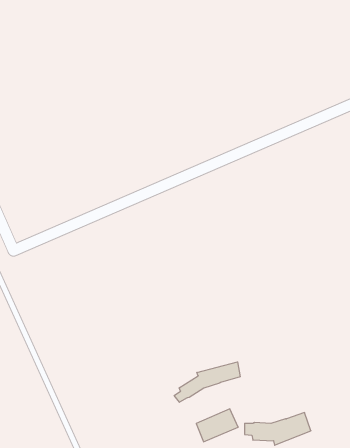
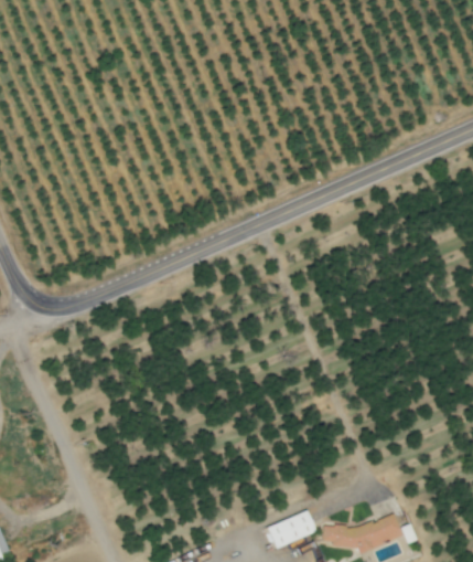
building: [174,362,240,402] -> none

